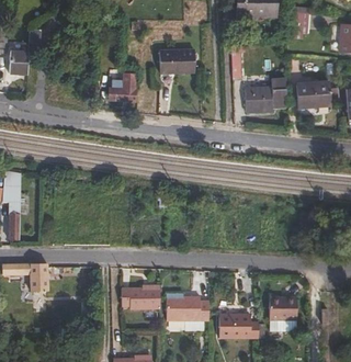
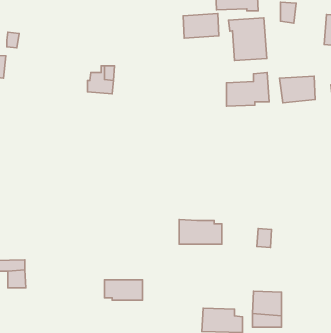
building: none -> [229,18,267,61]
building: [157,49,192,73] -> [183,14,219,38]
building: [168,291,210,315] -> [179,219,222,244]

